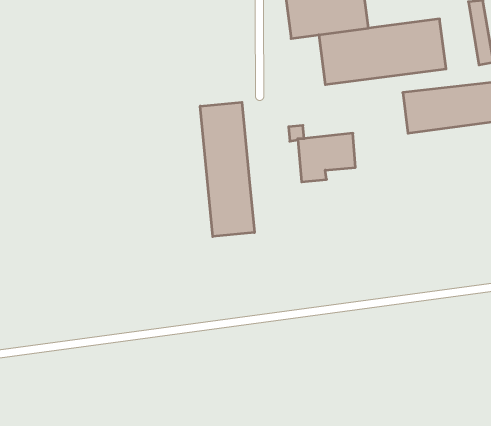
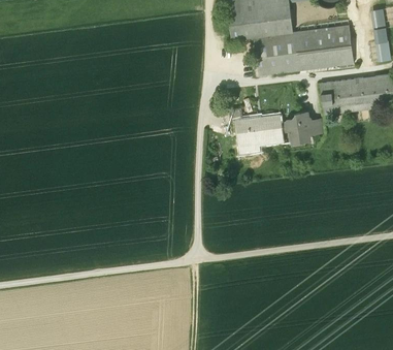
building: [200,102,254,237] -> none
building: none -> [285,110,324,142]

